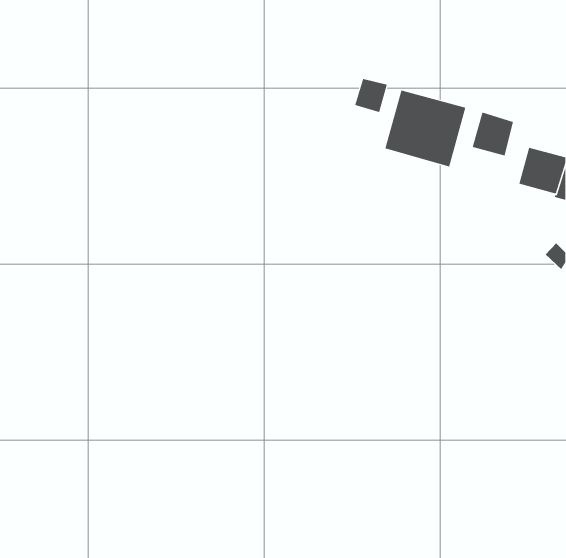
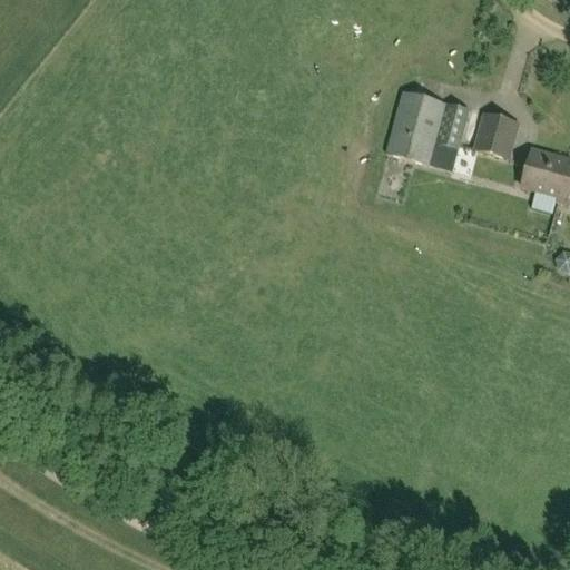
building: [355,78,387,113] -> none

